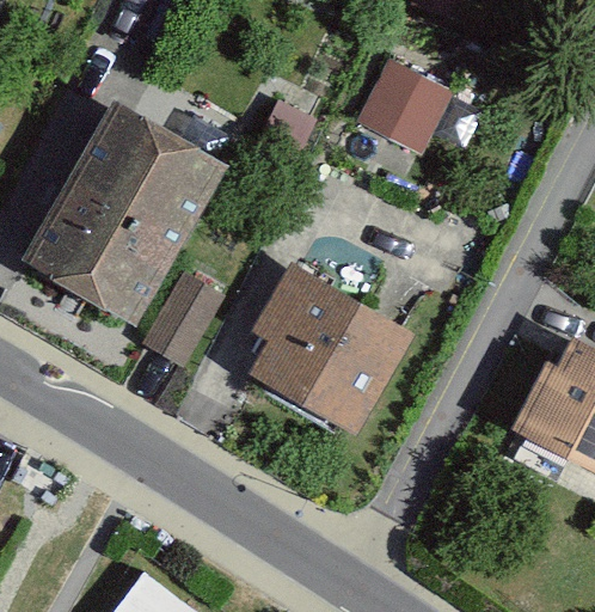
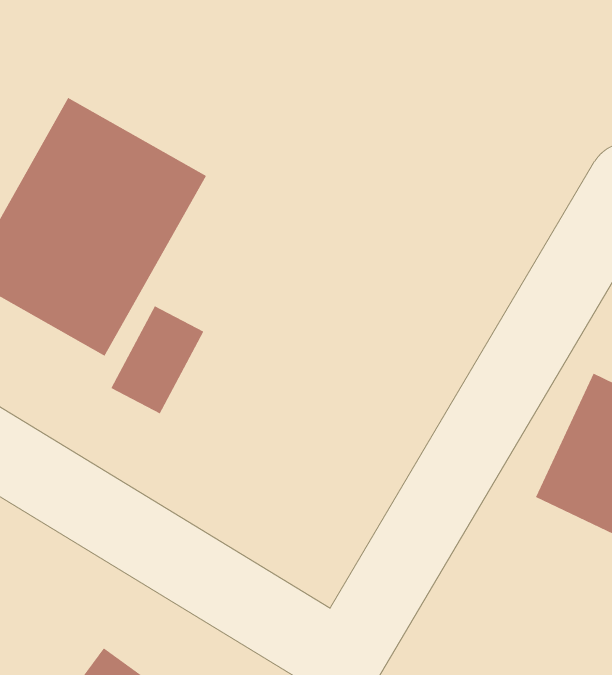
building: [357,63,454,159] -> none
building: [252,264,421,437] -> none

